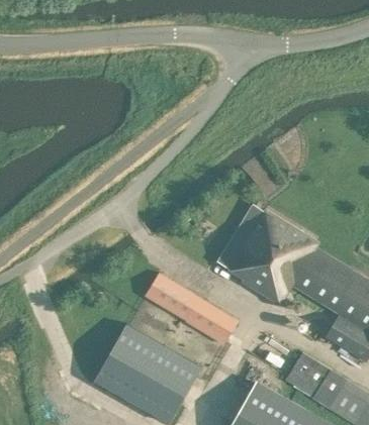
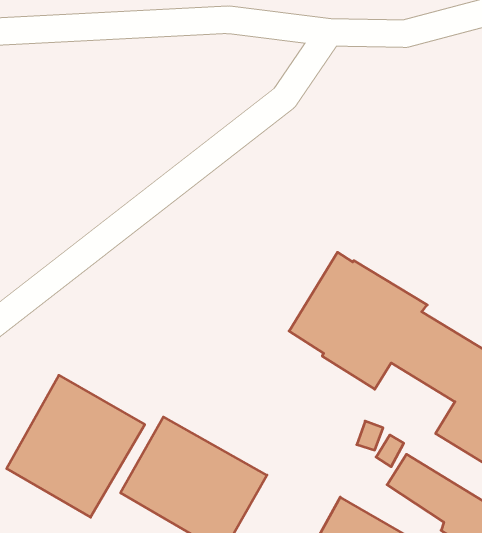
building: [145,275,238,345] -> none
building: none -> [7,375,145,517]

